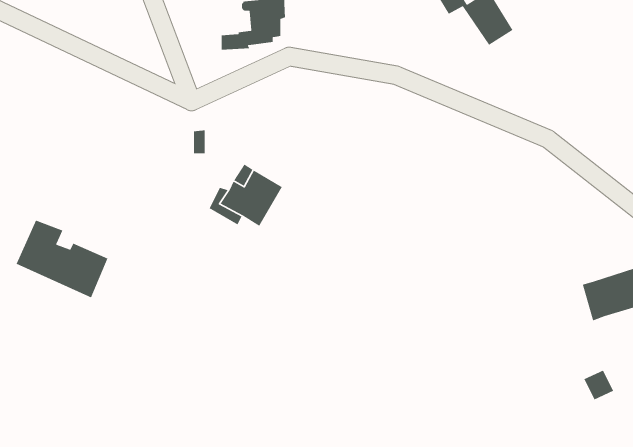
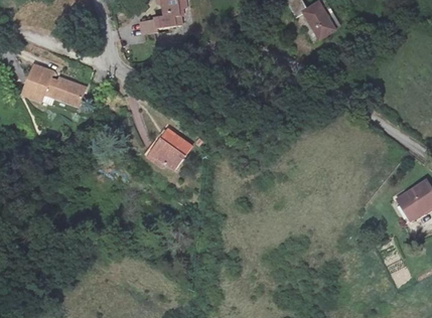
building: [15,219,108,298] -> [14,63,75,115]

